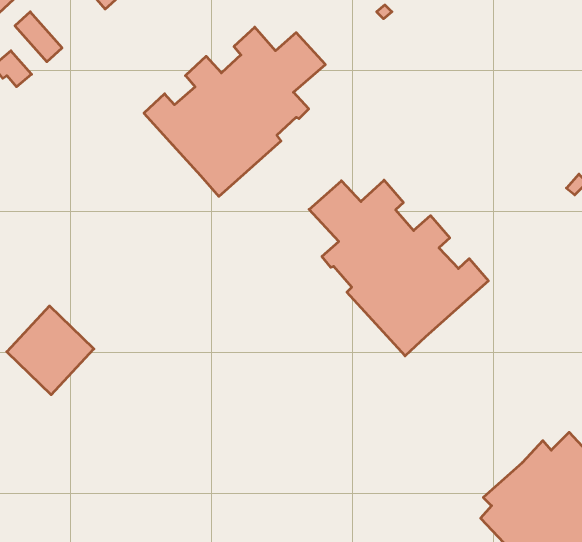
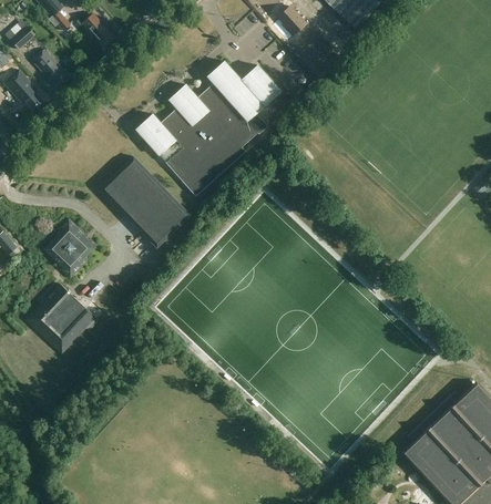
building: none -> [96,155,190,247]
building: [309,180,488,356] -> none
building: none -> [43,217,96,277]

